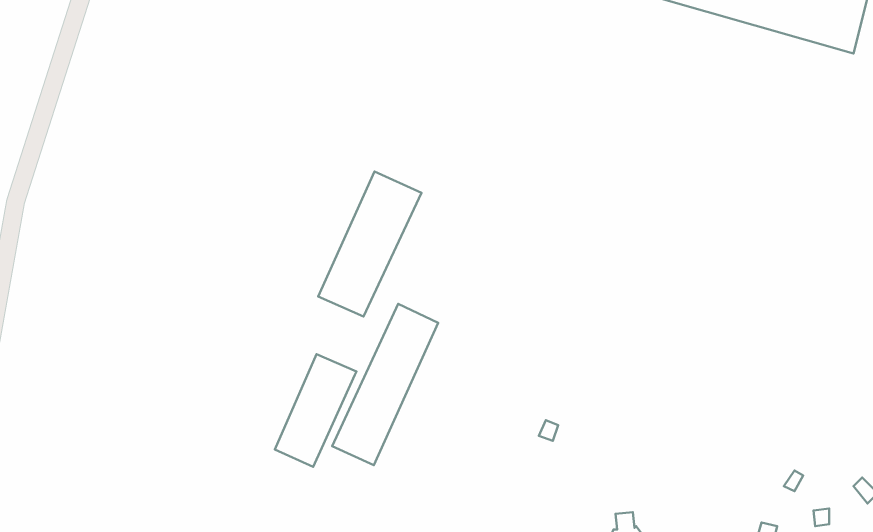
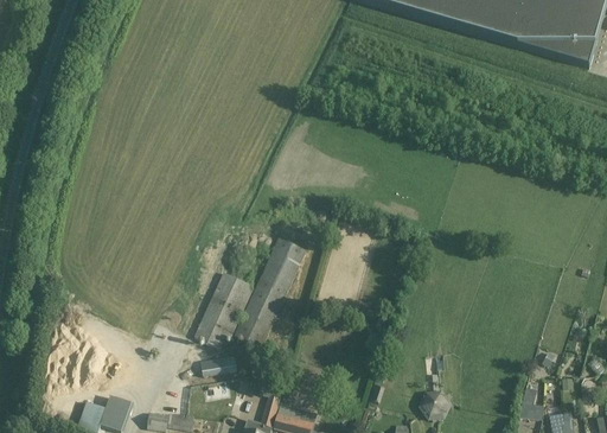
building: [318,171,421,317] -> none
building: none -> [200,352,237,375]

